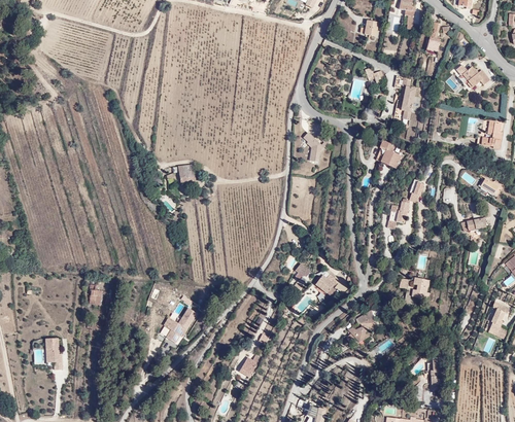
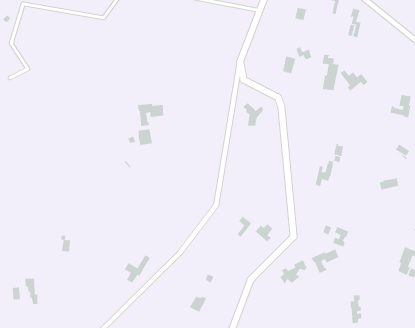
building: [453,64,487,90] -> [340,70,369,92]
building: none -> [137,103,164,127]
building: [374,140,399,167] -> none
building: none -> [311,248,339,274]

